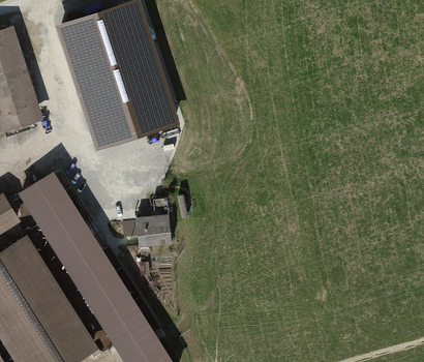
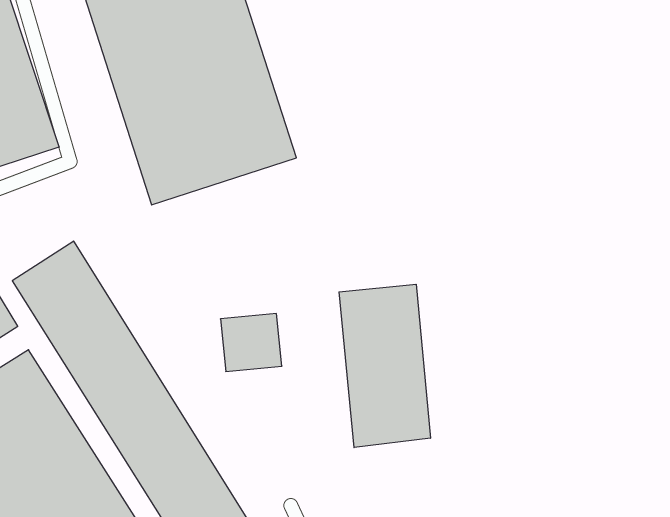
building: none -> [339,284,430,448]

